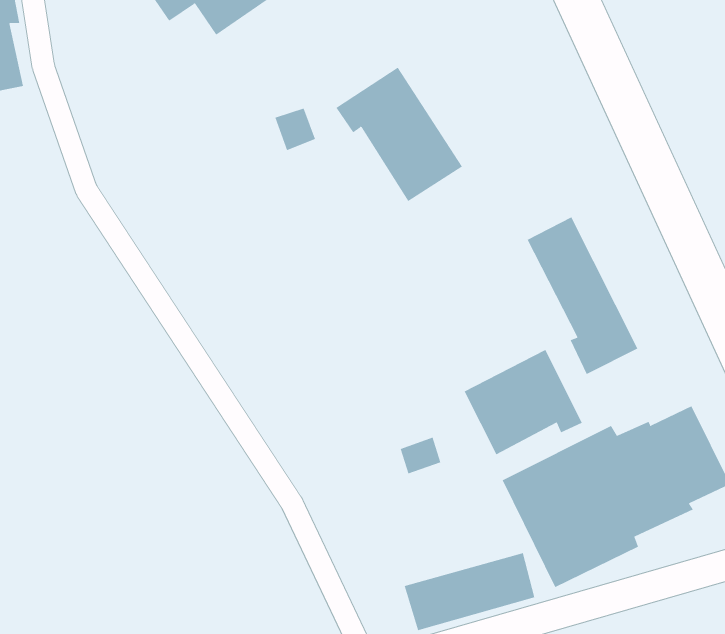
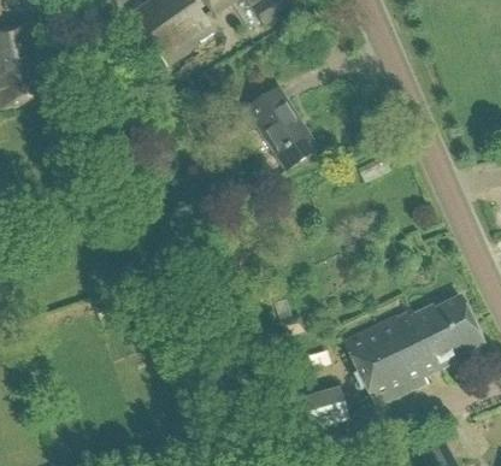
building: [527,216,638,375] -> none
building: [464,349,583,455] -> none

